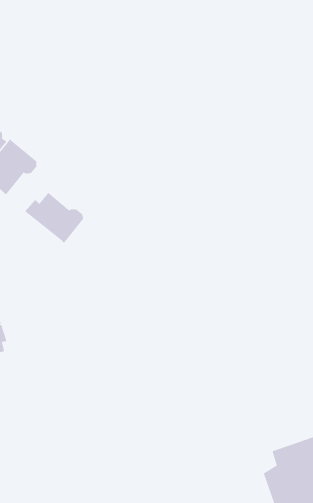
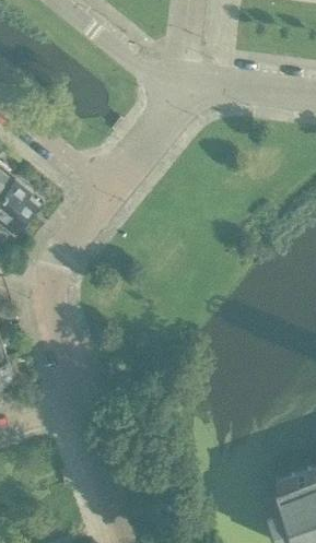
building: [25,192,84,244] -> none

